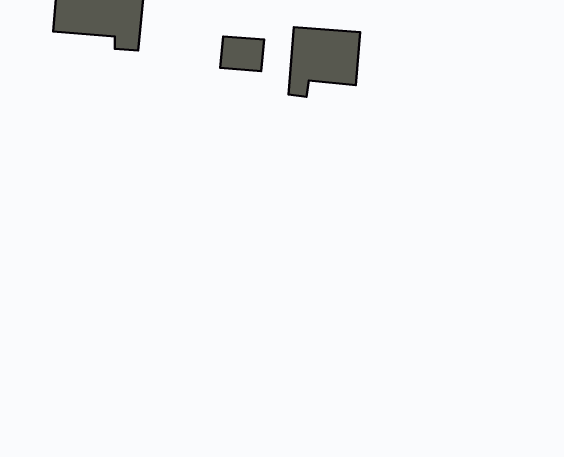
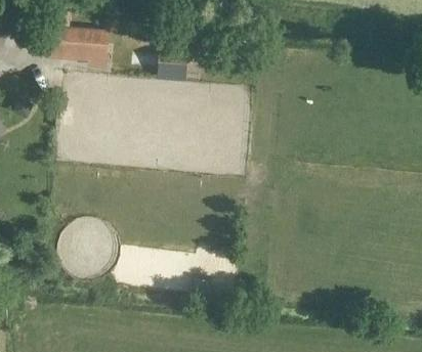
building: [289,27,360,97] -> none

